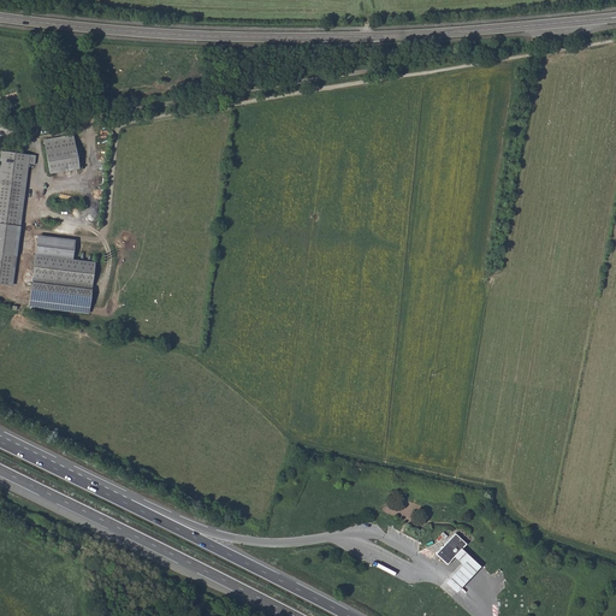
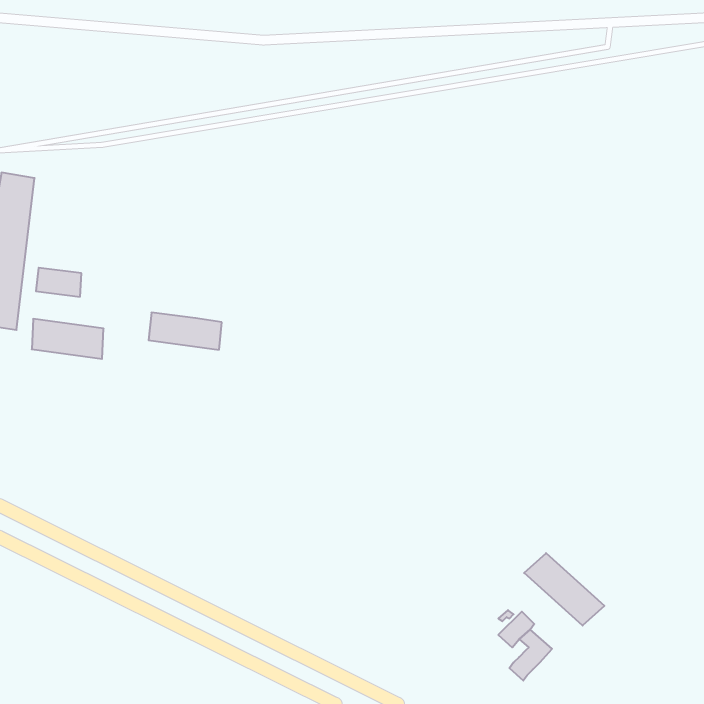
building: [42,134,82,174] -> none
building: [29,254,93,286] -> [149,313,222,350]
building: none -> [524,553,604,626]

